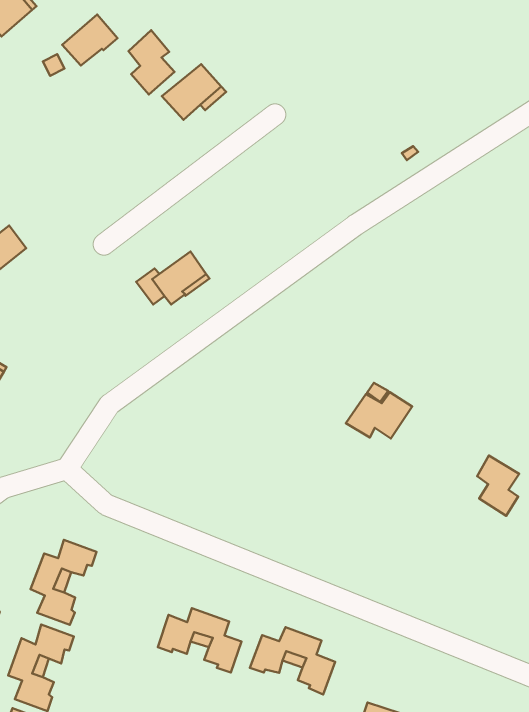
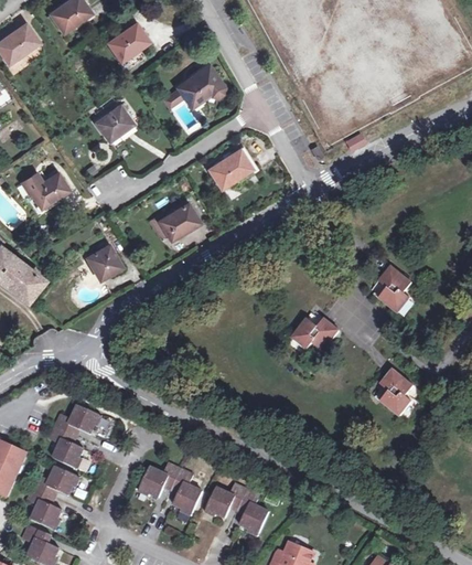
building: [129,30,174,94] -> none
building: none -> [96,106,132,140]
building: none -> [208,149,253,189]
building: none -> [379,267,412,315]
building: none -> [87,245,122,280]

